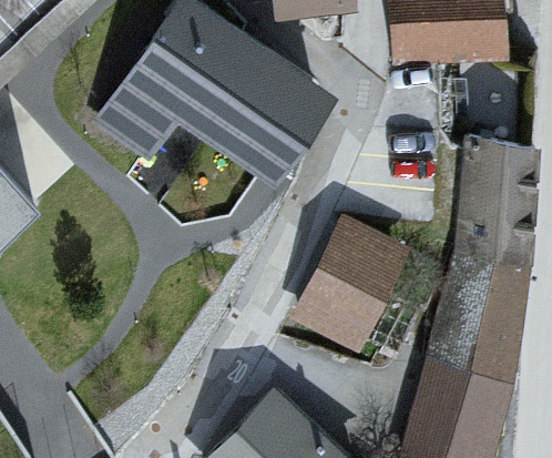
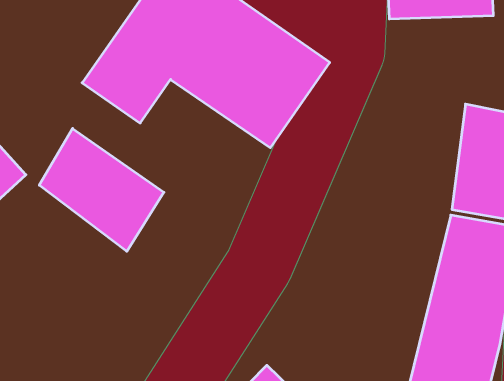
building: none -> [39,128,164,251]
building: [299,222,403,343] -> none

